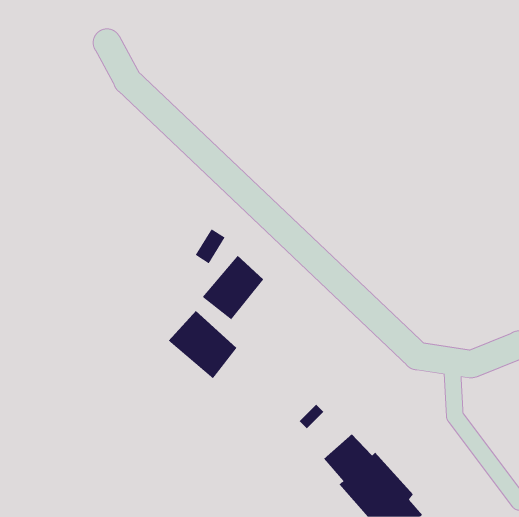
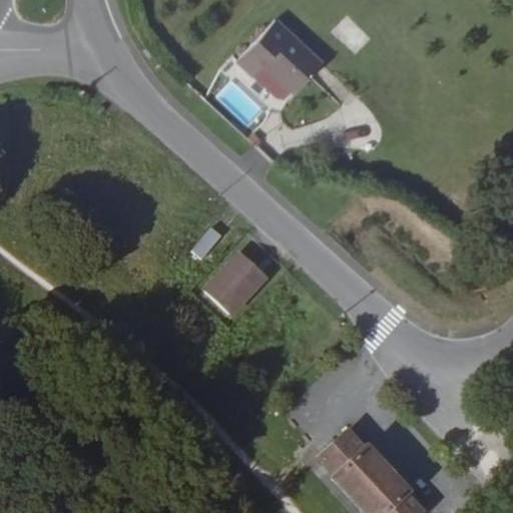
building: none -> [241,23,326,107]
building: [168,310,237,379] -> none

